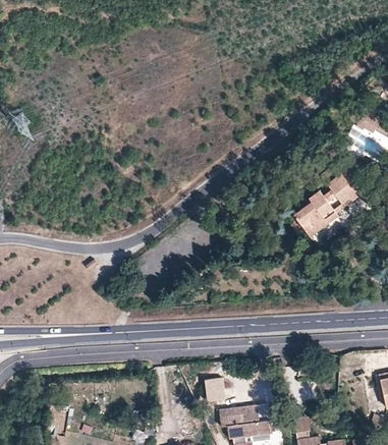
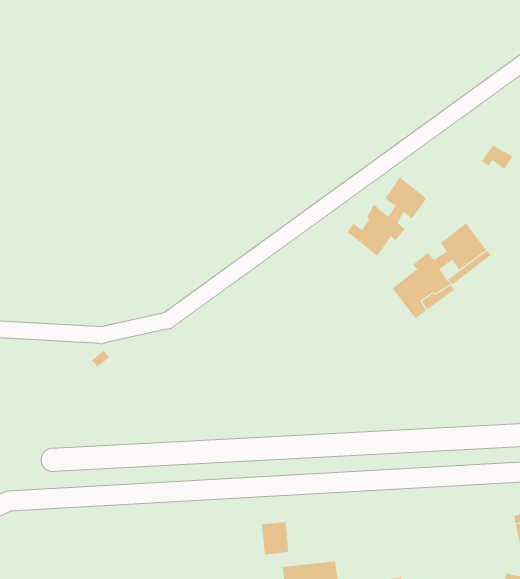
building: none -> [347,176,427,257]

